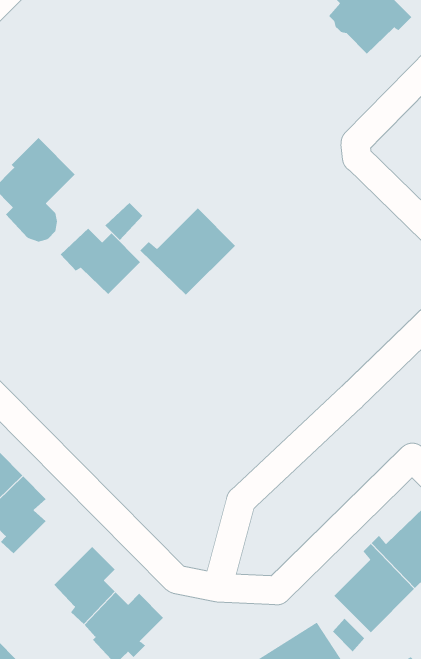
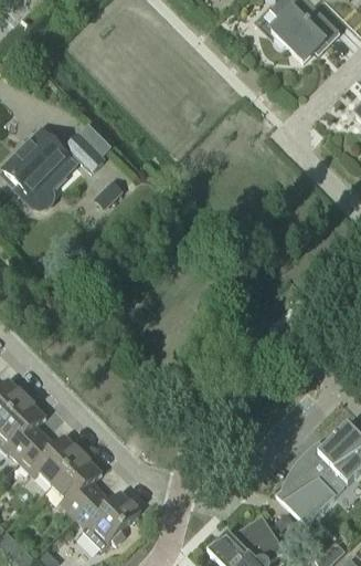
building: none -> [64,124,108,171]
building: [139,208,236,296] -> none
building: [60,228,141,295] -> none
building: none -> [19,434,82,485]

